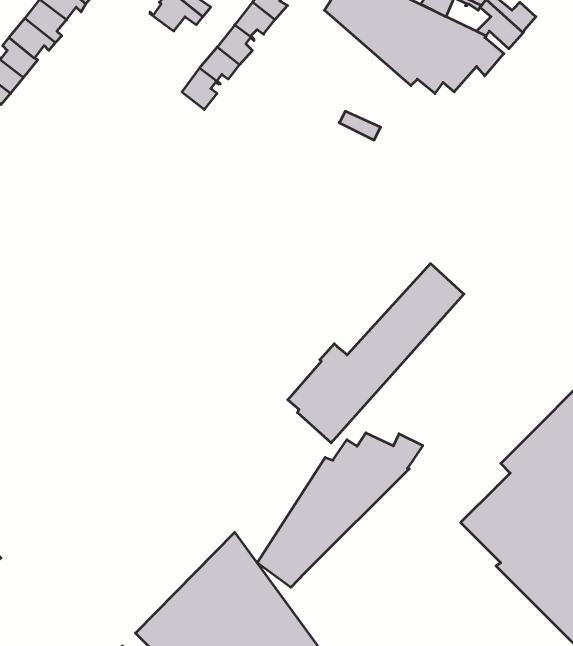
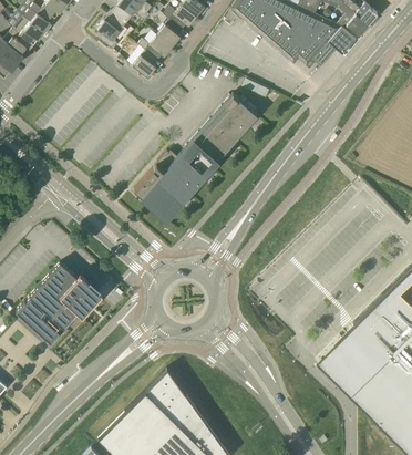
building: none -> [97,12,127,50]
building: [288,264,464,443] -> [135,95,257,219]
building: none -> [17,263,103,344]
building: [257,433,423,587] -> none

